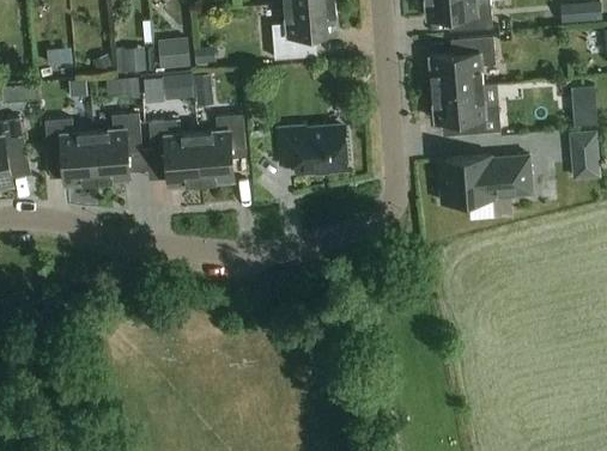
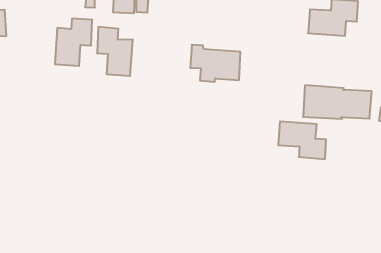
building: [432,86,500,134] -> [278,121,326,159]
building: [198,115,247,182] -> none
building: [45,118,97,183] -> none

